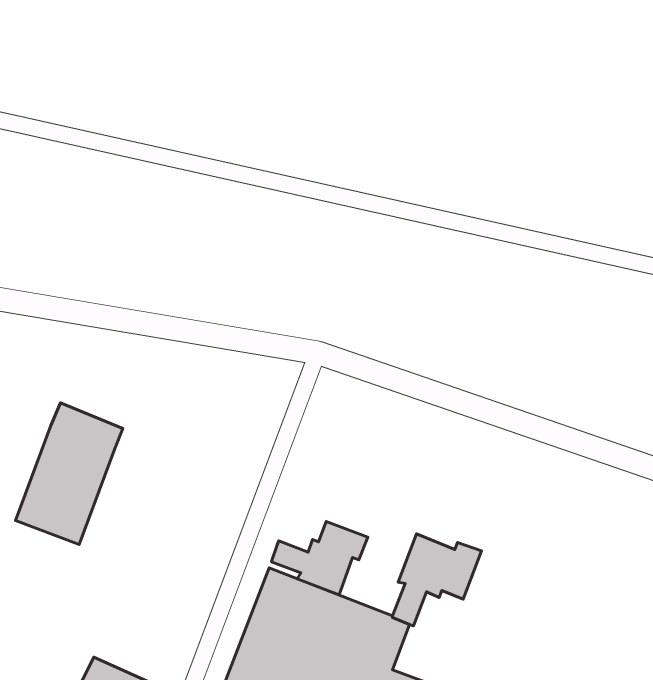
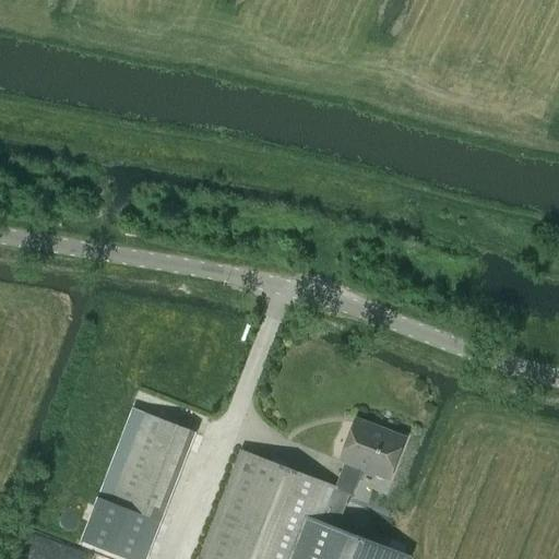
building: [15,403,123,544] -> [110,414,193,523]
building: [271,521,368,595] -> none

